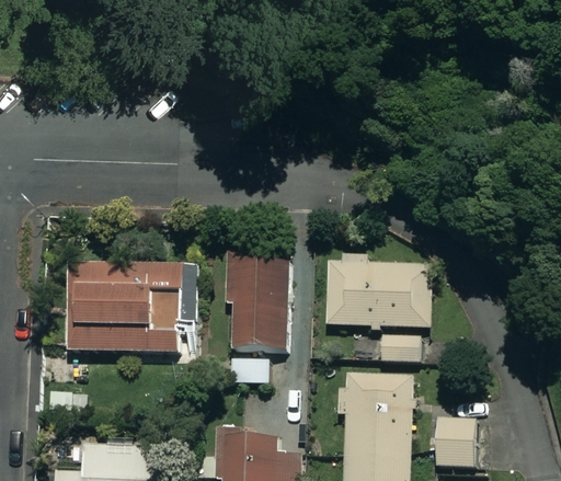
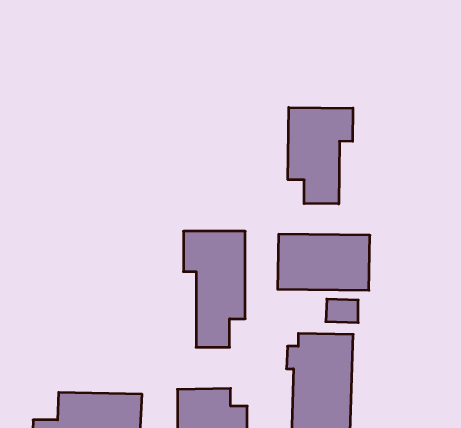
building: none -> [288,107,353,204]
building: [69,263,190,352] -> none
building: [436,417,474,466] -> none

